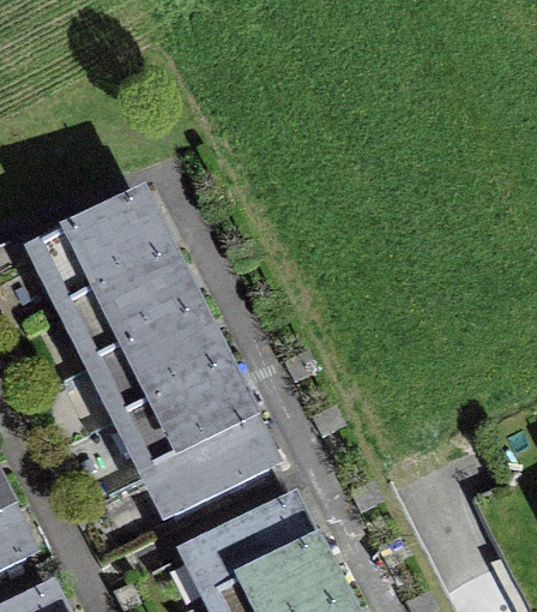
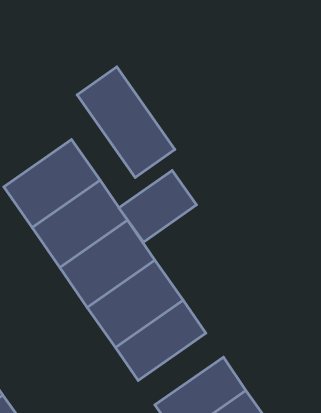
building: none -> [77,67,175,177]
building: none -> [119,171,197,242]

